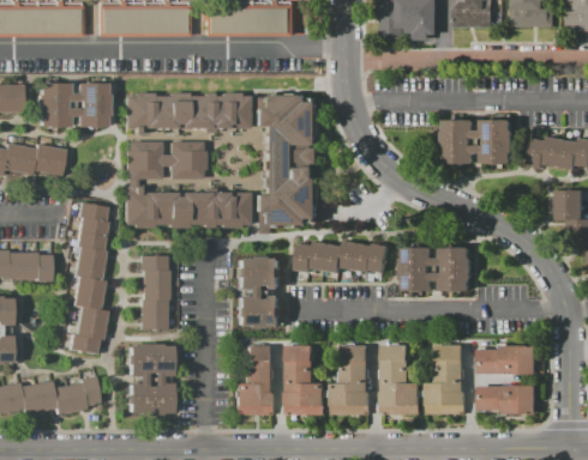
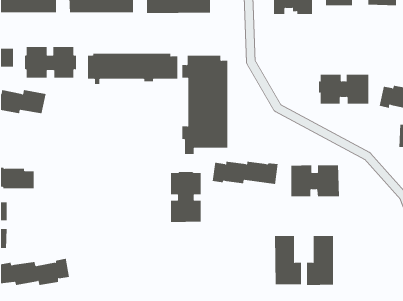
building: [122,141,202,180] -> none
building: [124,187,247,228] -> none
building: [67,202,106,355] -> none
building: [137,254,167,329] -> none
building: [125,343,169,416] -> none
building: [234,345,275,414] -> none
building: [283,345,324,414] -> none
building: [329,345,367,413] -> none
building: [476,346,535,374] -> none
building: [478,385,535,414] -> none

